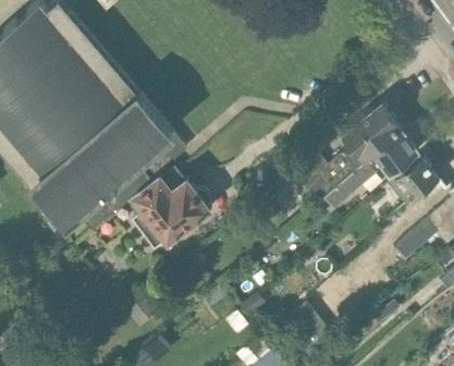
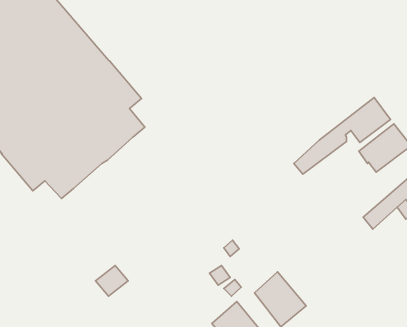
building: [293,103,403,207] -> none
building: [133,168,213,248] -> none

